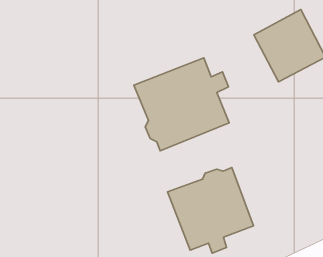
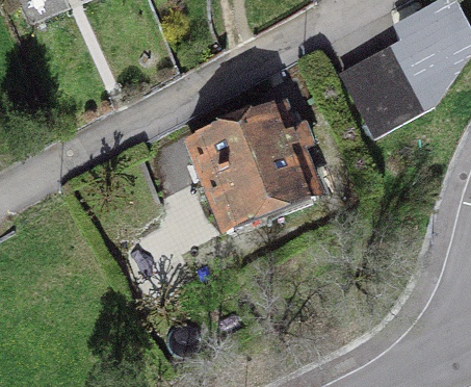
building: [168,167,253,253] -> none

